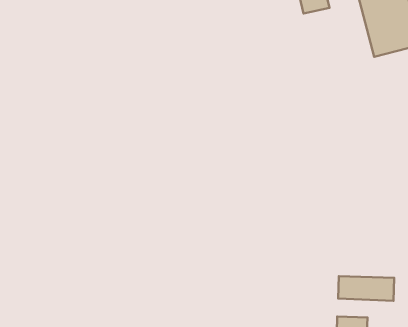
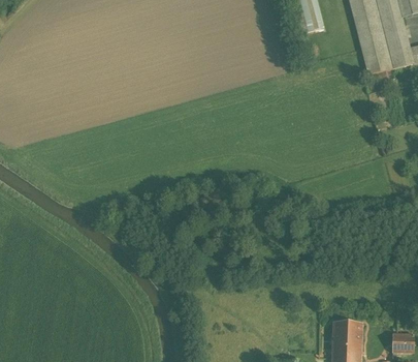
building: [338,276,394,301] -> none

